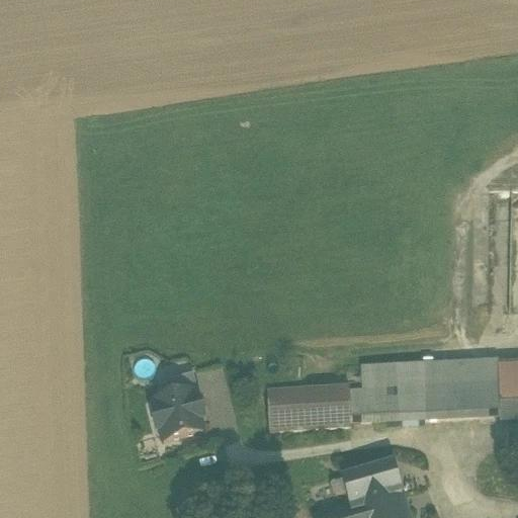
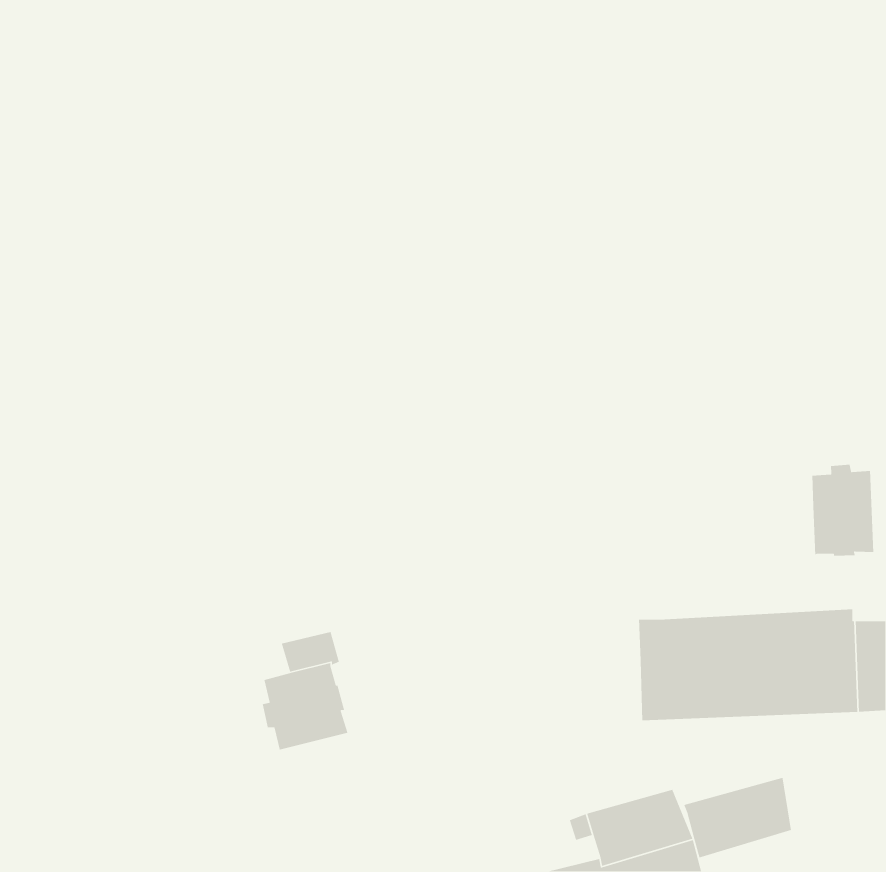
building: none -> [811,464,874,556]
building: [268,381,374,426] -> none
building: none -> [683,777,792,858]

